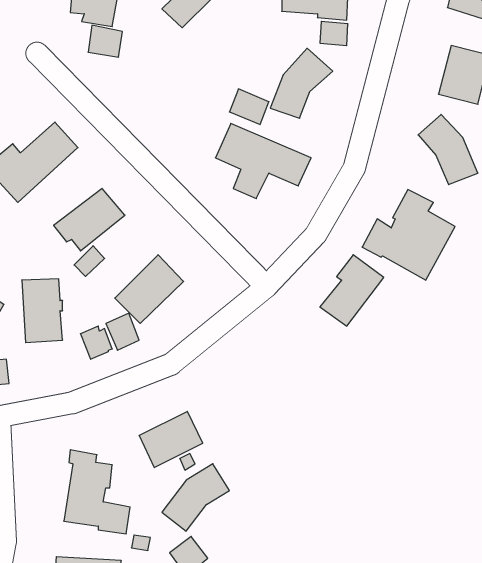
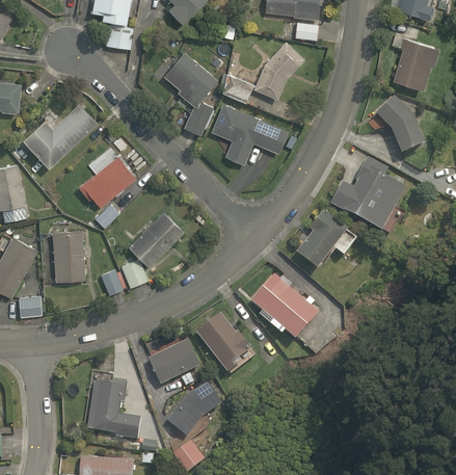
building: none -> [162,51,217,135]
building: none -> [249,273,318,339]
building: none -> [195,312,251,371]

